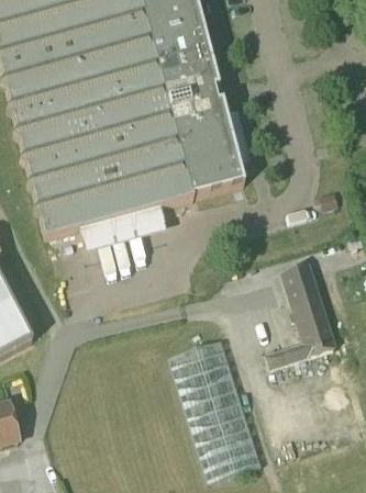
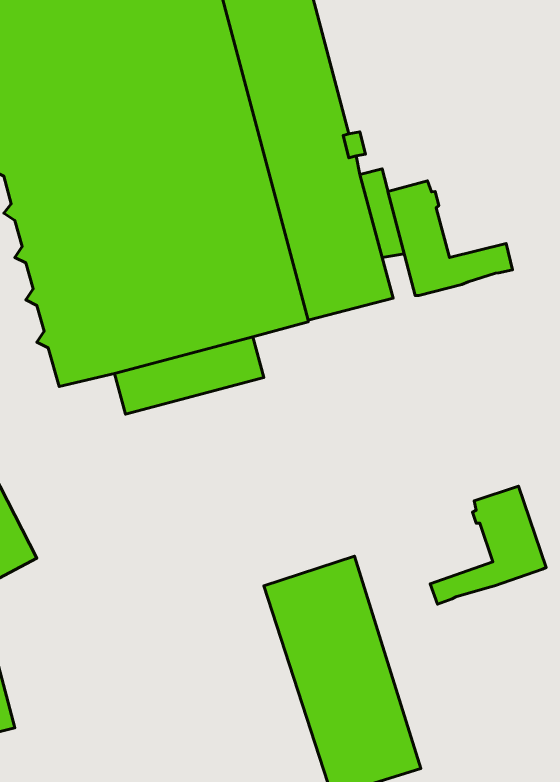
building: none -> [388,181,513,296]
building: [280,260,319,303] -> none

